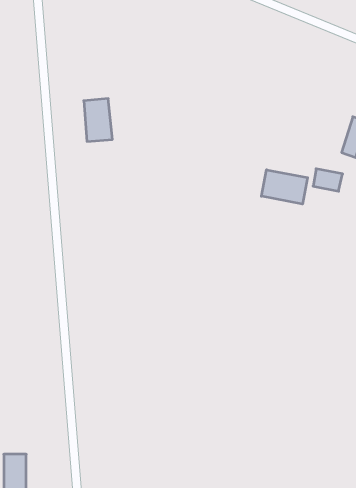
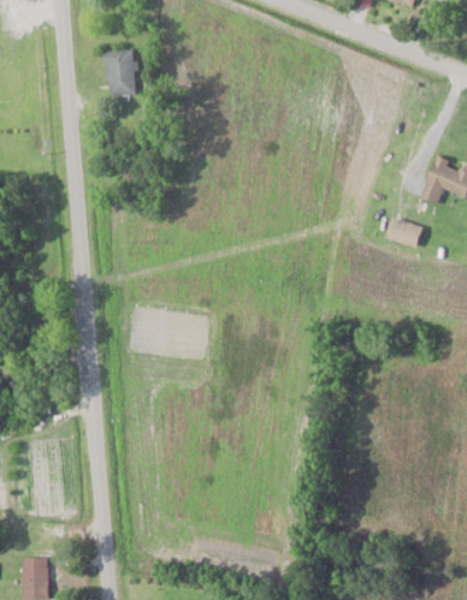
building: [84,99,112,141] -> [105,49,138,100]
building: [261,170,308,204] -> none

